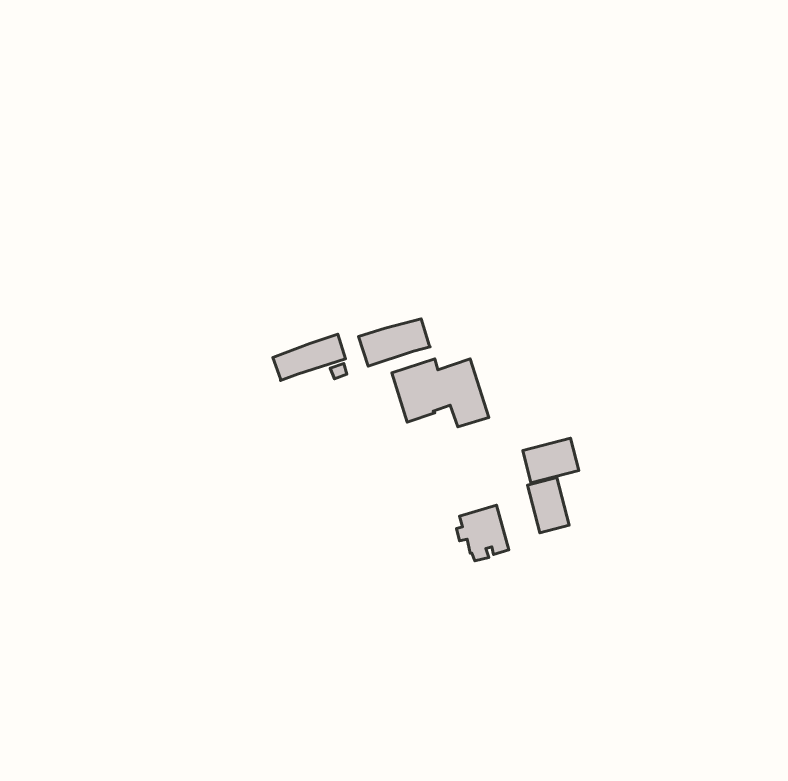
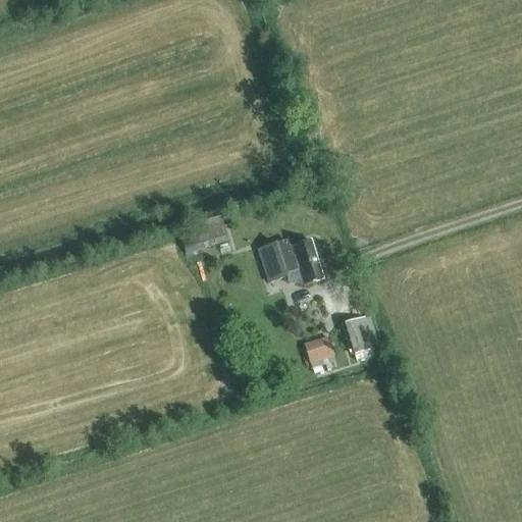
building: [359,319,430,366] -> none
building: [523,438,579,483] -> none

